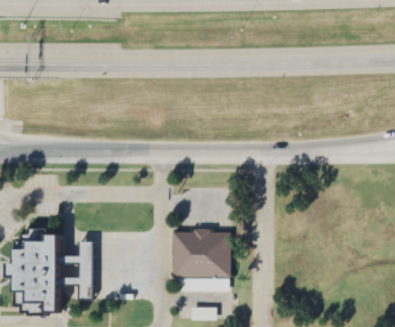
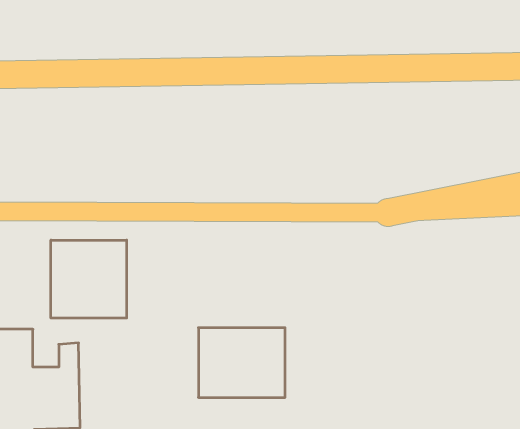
building: none -> [51,240,127,318]

